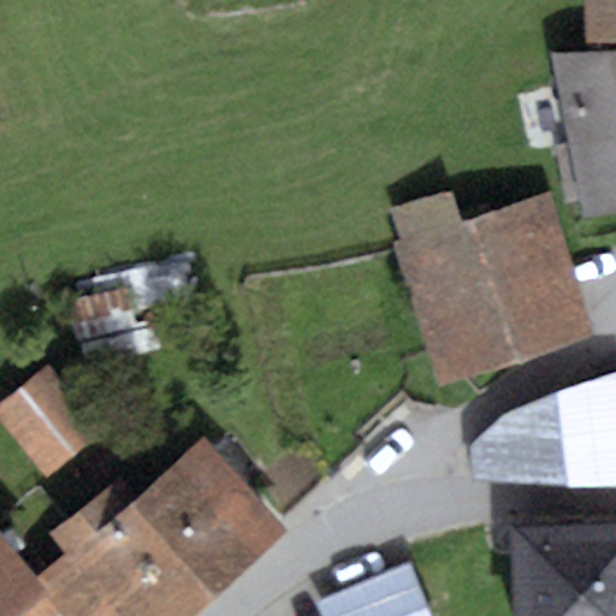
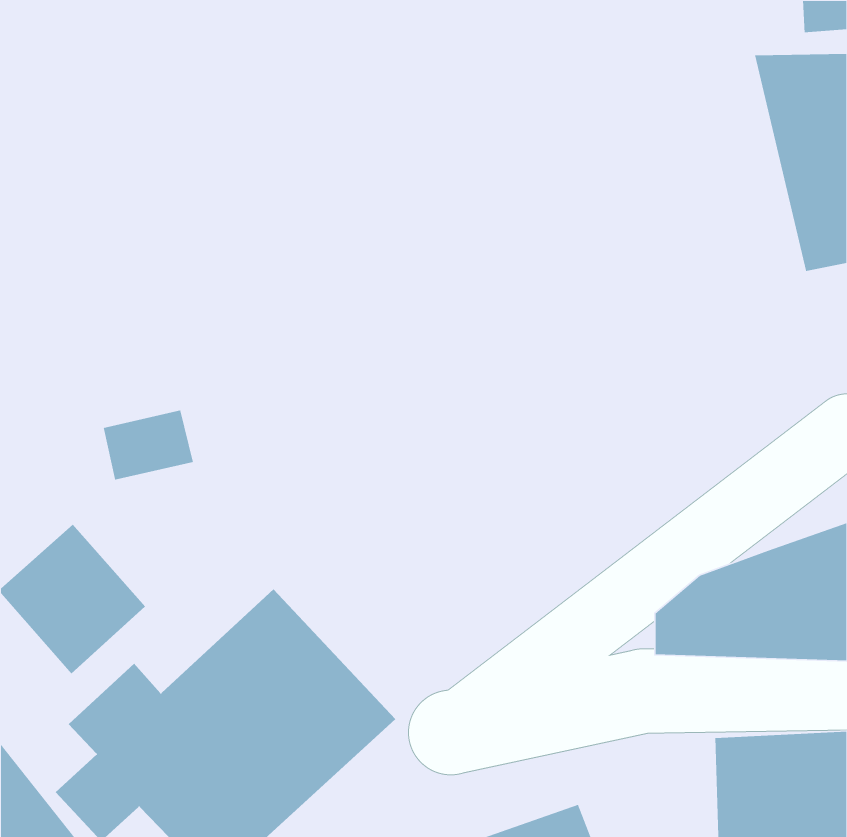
building: [383,184,594,379] -> none

